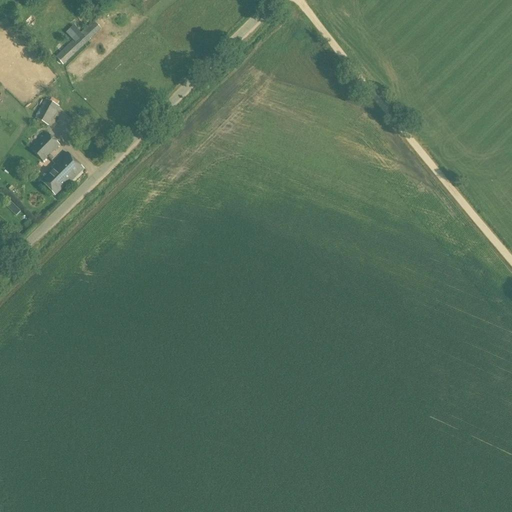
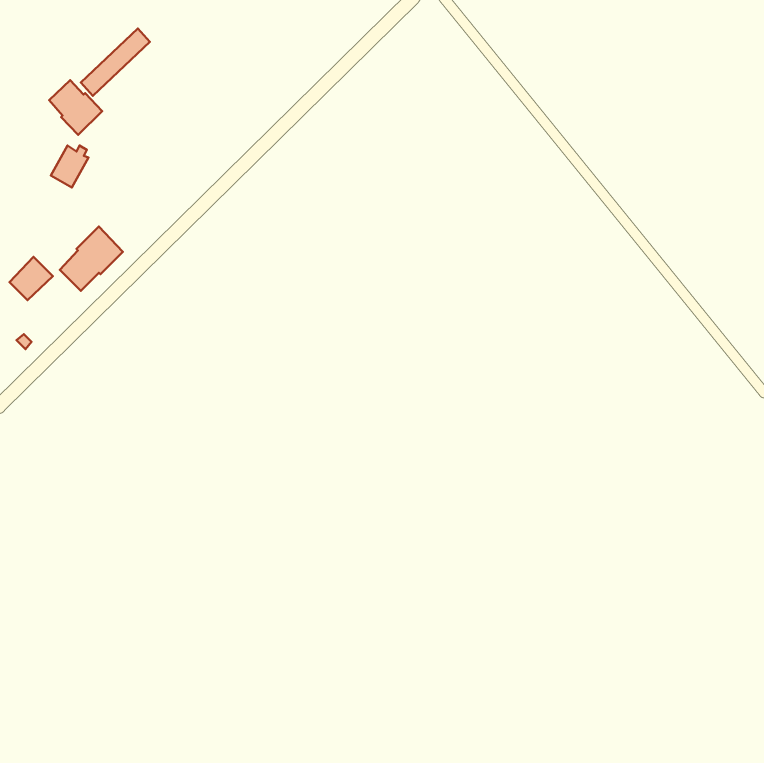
building: none -> [49,80,102,135]
building: [30,131,59,160] -> [10,257,53,300]

